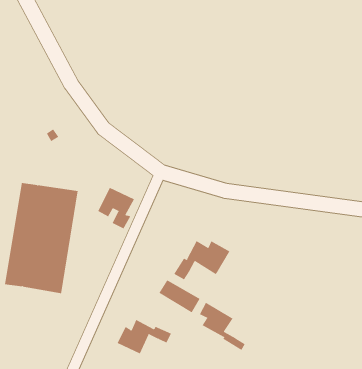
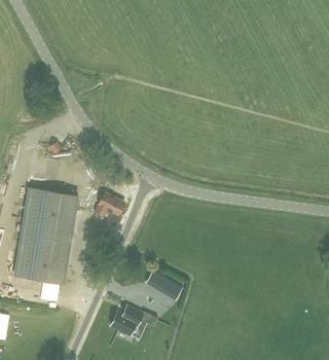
building: [173,240,230,280] -> none
building: [199,302,245,351] -> none

